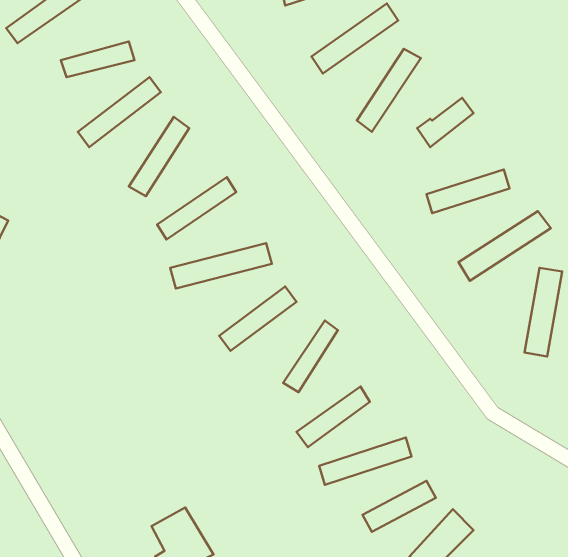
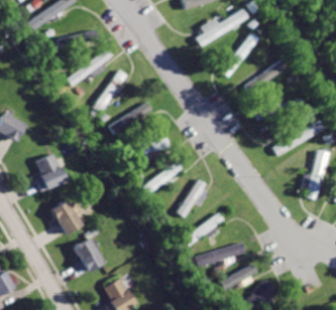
building: none -> [38,153,70,193]
building: none -> [52,201,83,236]
building: none -> [75,238,105,272]

